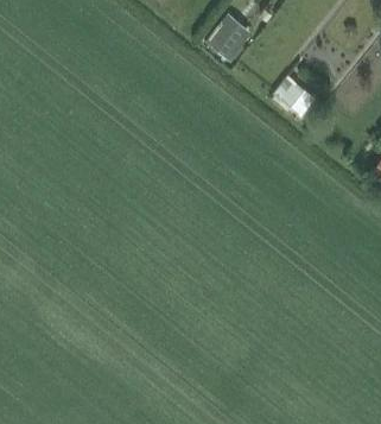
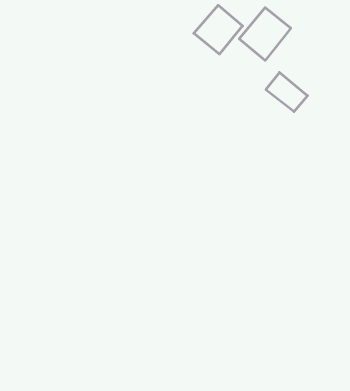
building: none -> [239,8,291,60]

